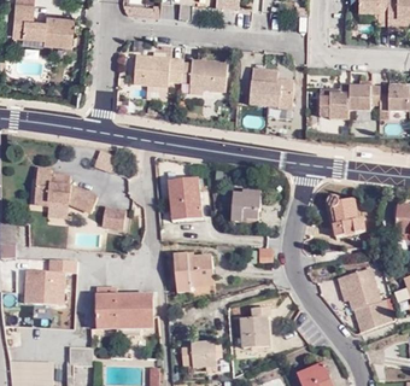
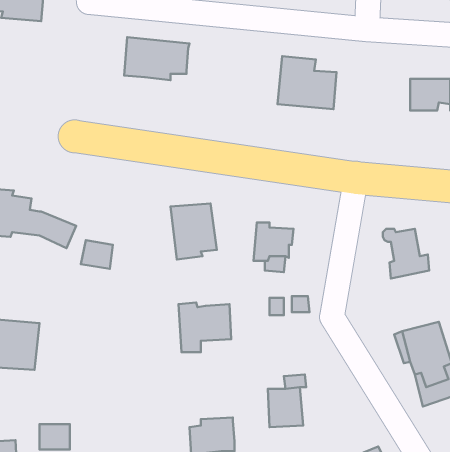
building: [181,60,227,90] -> none
building: [321,86,350,119] -> none
building: [98,286,153,329] -> none

